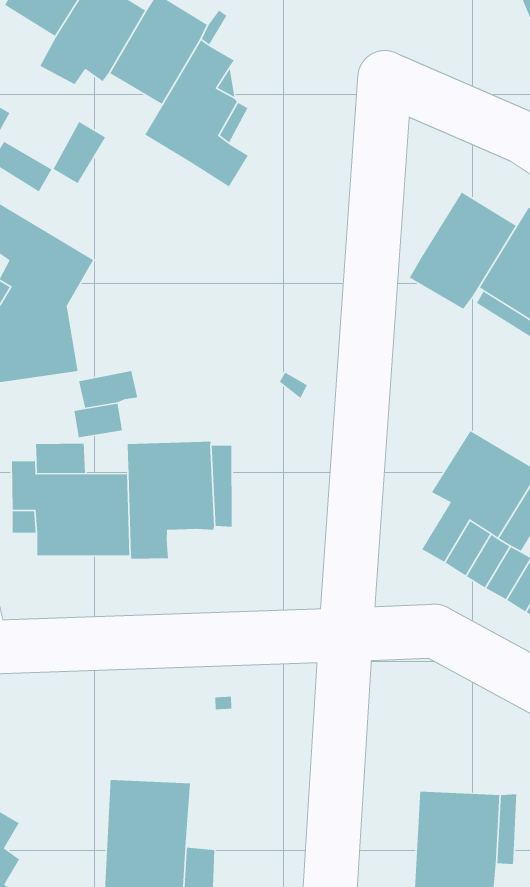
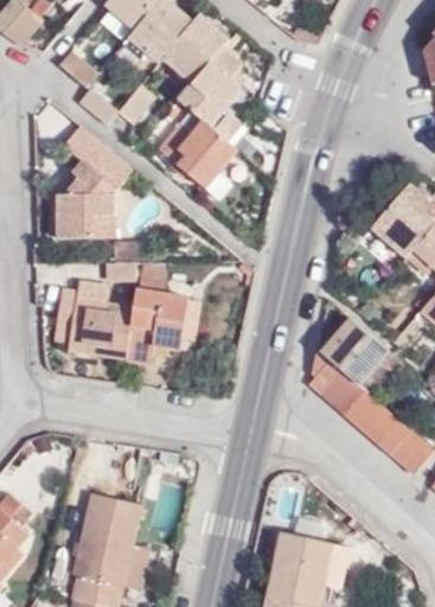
building: none -> [159,120,237,187]
building: [409,192,517,310] -> none

